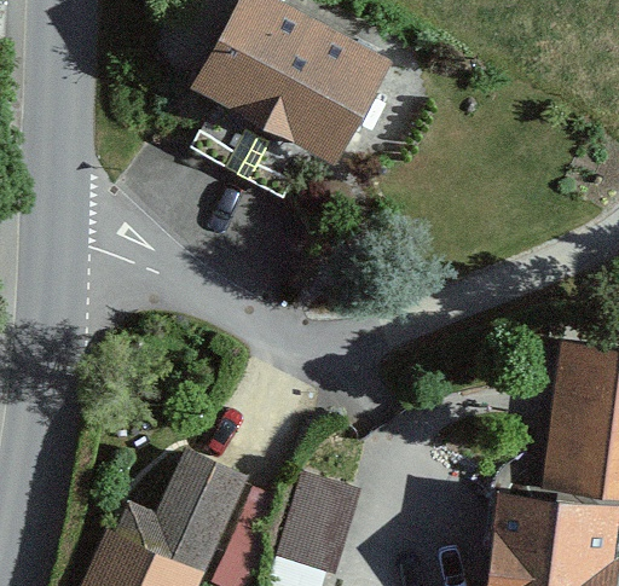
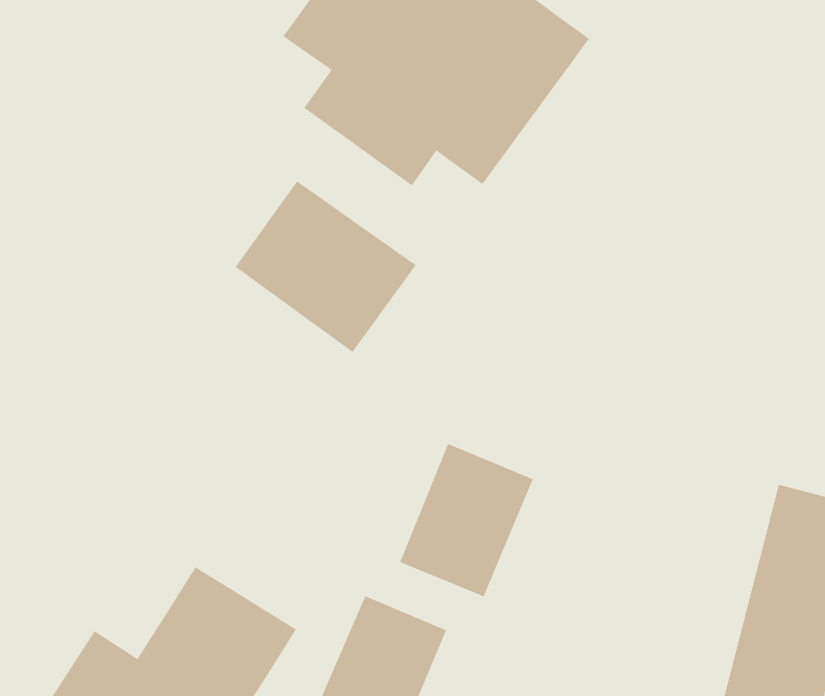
building: none -> [235,181,416,353]
building: none -> [400,443,533,597]

